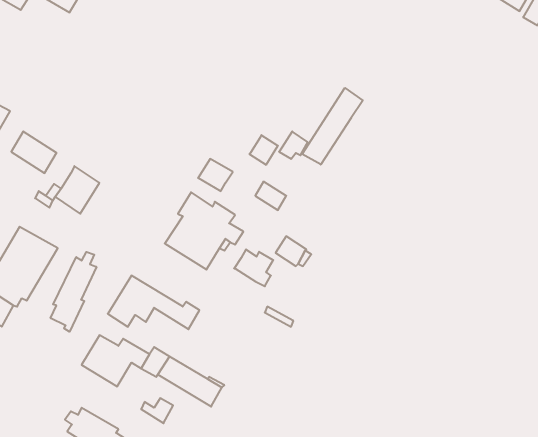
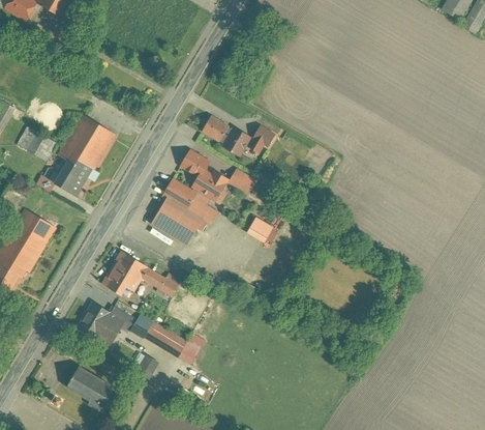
building: [302,88,363,165] -> none
building: none -> [56,114,115,170]
building: none -> [201,115,233,144]
building: [234,249,273,286] -> [192,170,226,202]
building: [51,252,96,332] -> none

